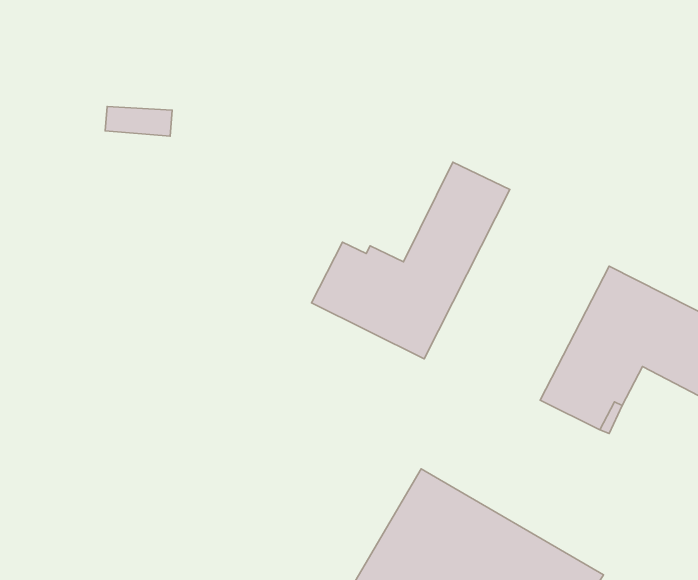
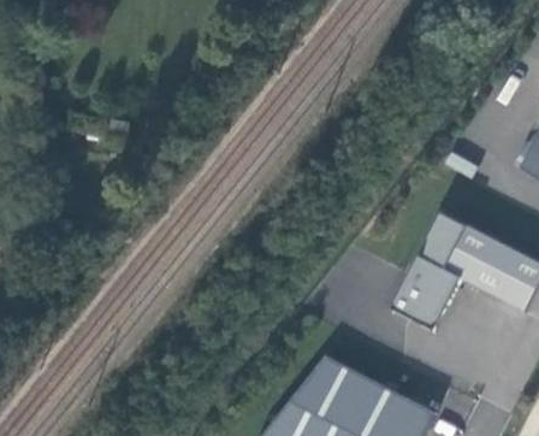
building: [311,162,510,359] -> none

